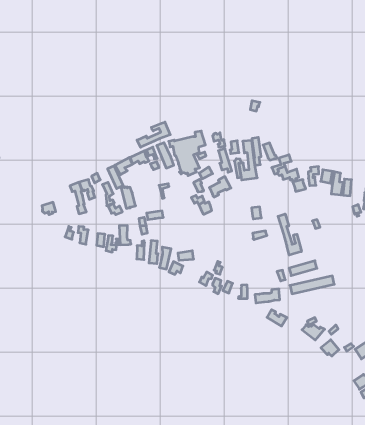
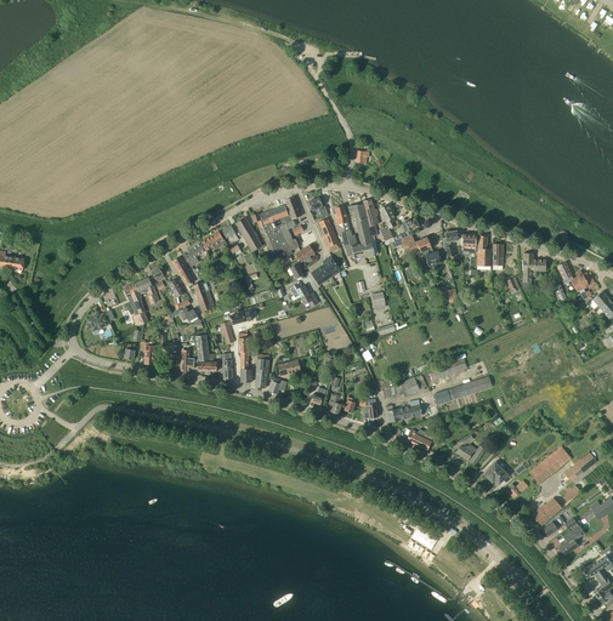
building: [137,122,170,147] -> none
building: [278,214,301,255] -> none

